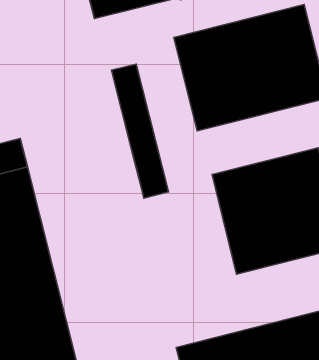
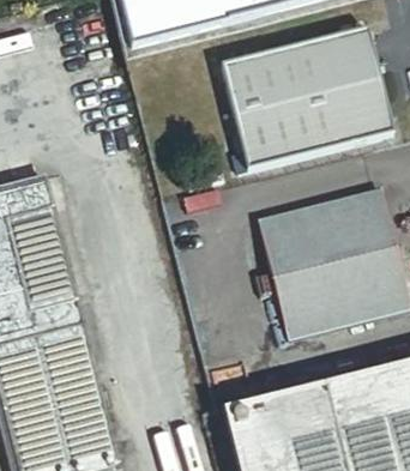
building: [112,64,169,198] -> none

